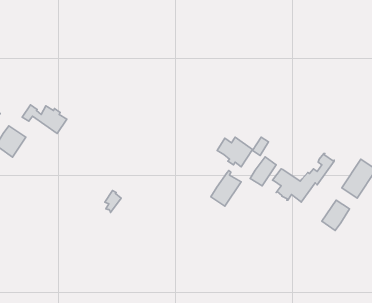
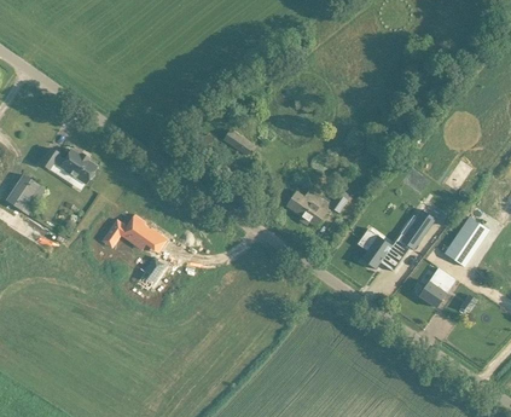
building: [250,157,276,186] -> none
building: none -> [103,214,168,250]
building: [211,171,241,206] -> none

